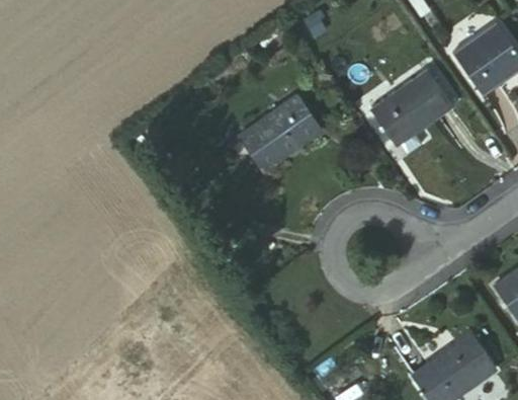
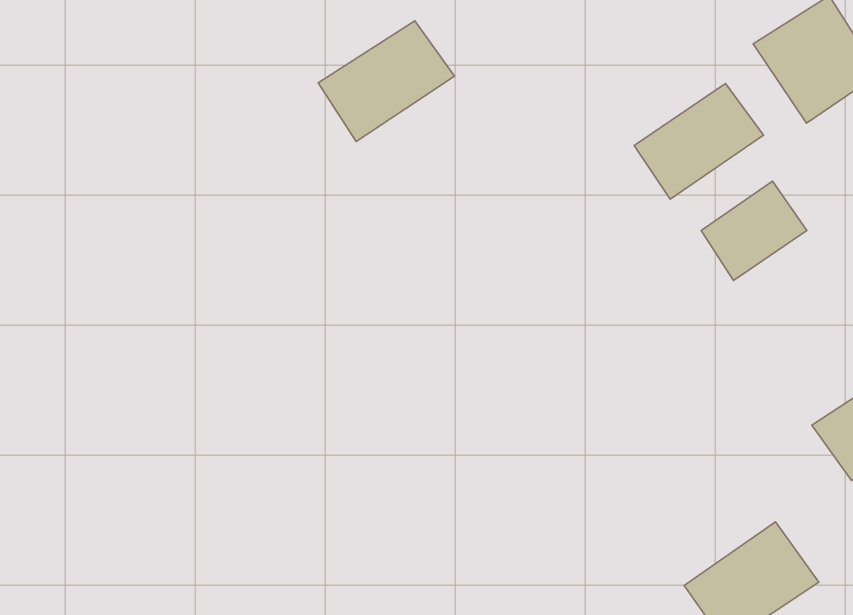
building: [247,95,327,166] -> [318,21,455,142]
building: none -> [701,181,807,281]

